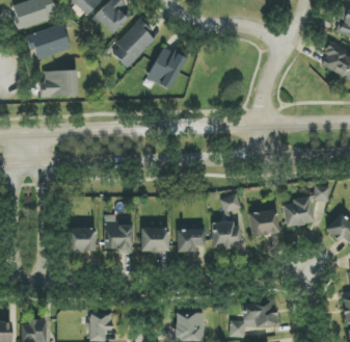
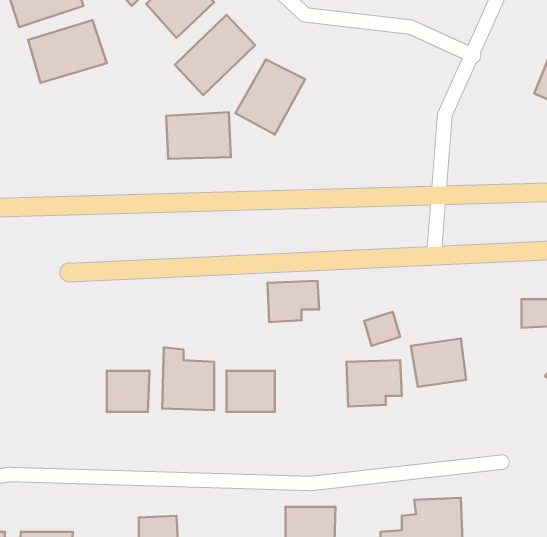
building: [39,70,77,97] -> [166,112,231,159]
building: [281,196,313,227] -> none
building: [176,229,206,253] -> [267,281,319,322]

